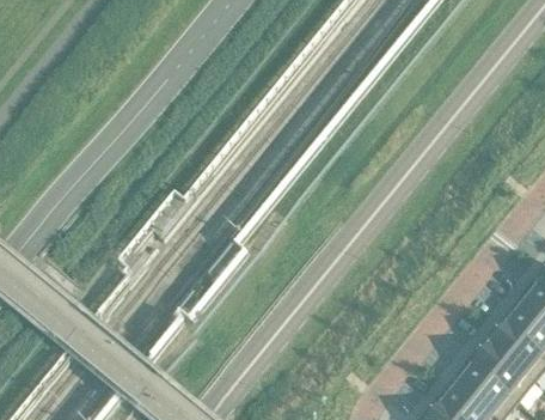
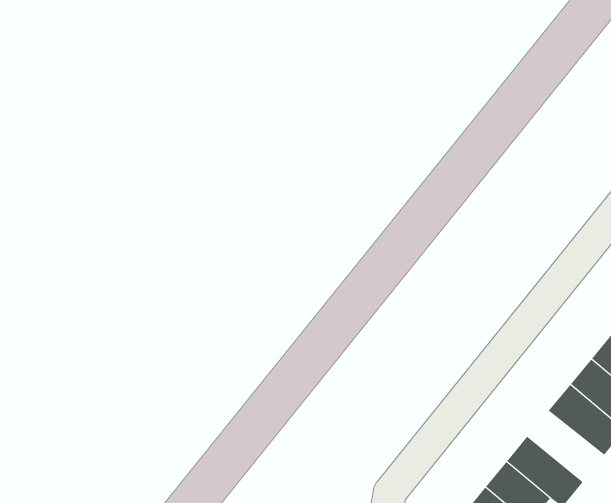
building: [470,345,532,402] -> none

